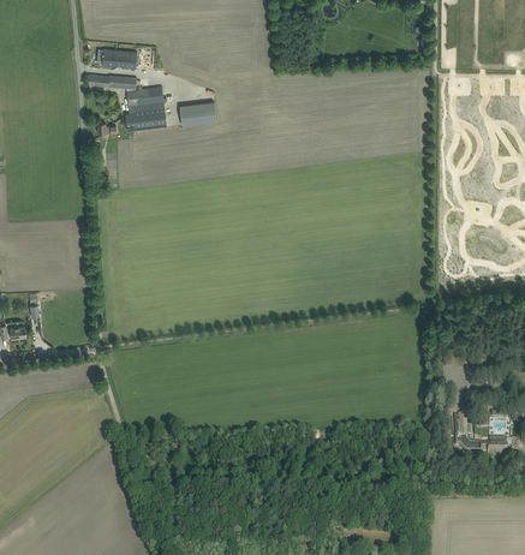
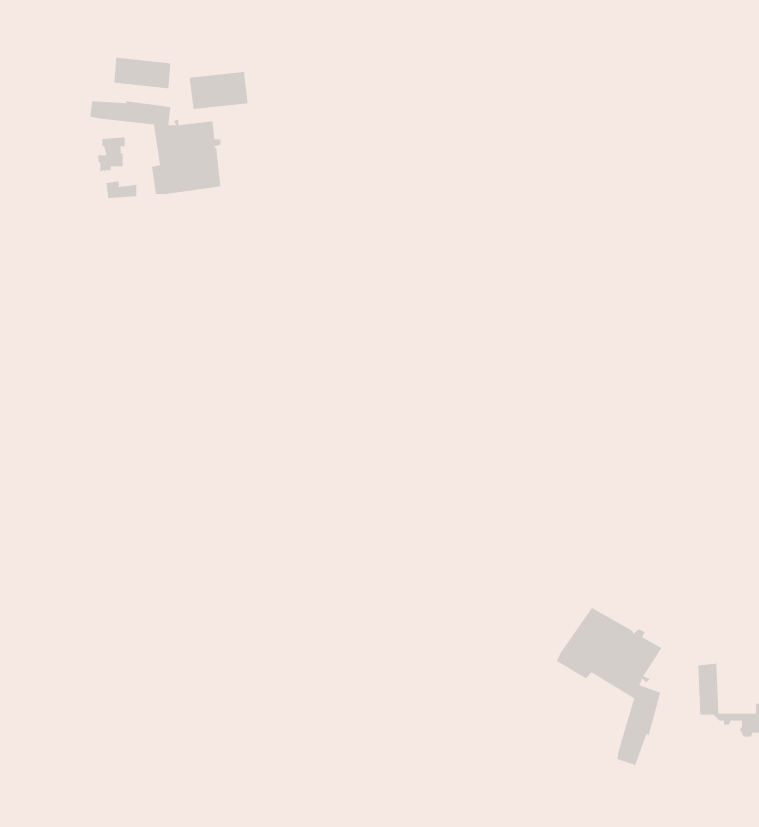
building: [179,102,215,125] -> [189,72,249,109]
building: none -> [556,607,662,766]

